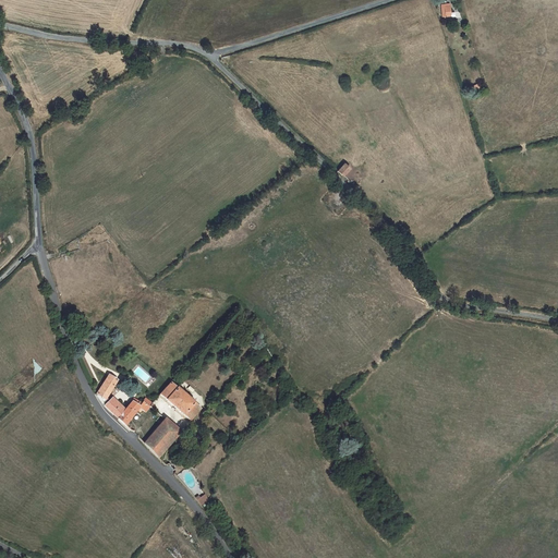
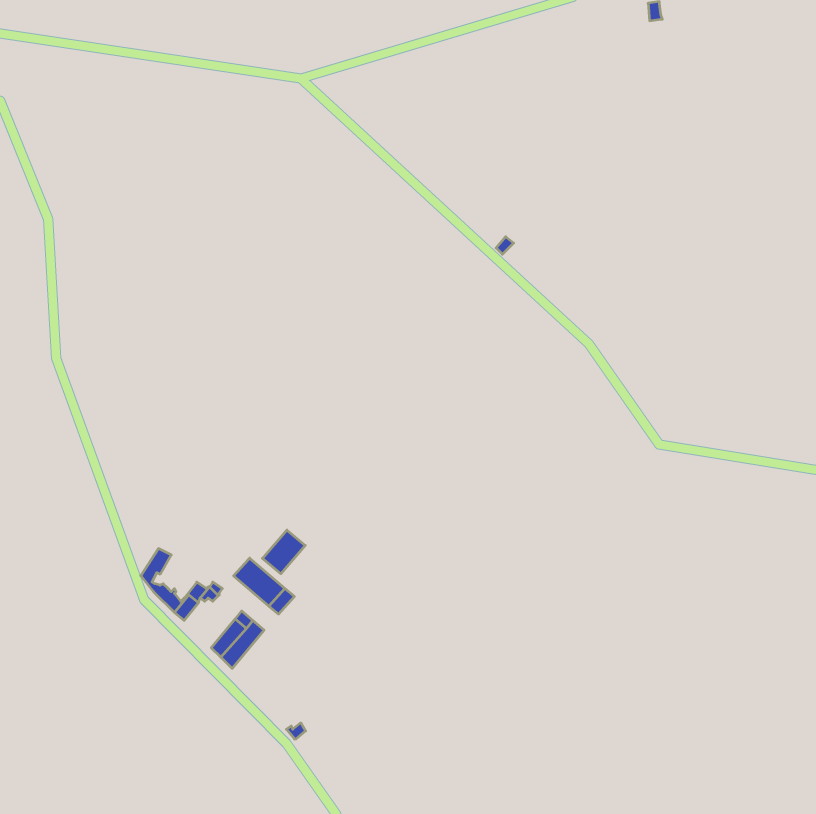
building: none -> [262,530,305,574]

